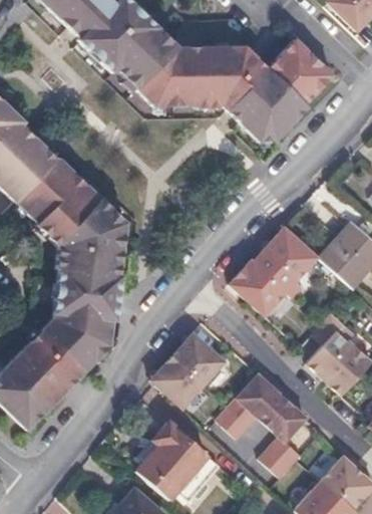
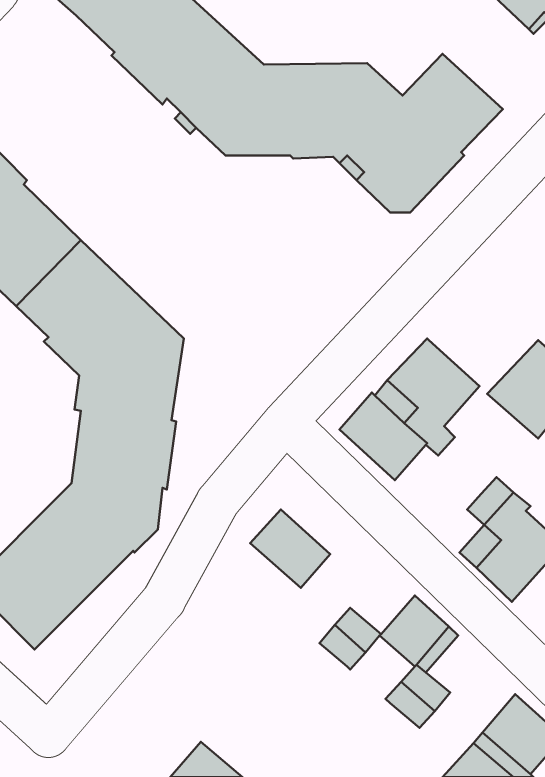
building: [146,358,202,412] -> none
building: [234,375,276,418] -> none
building: [135,422,206,499] -> none

